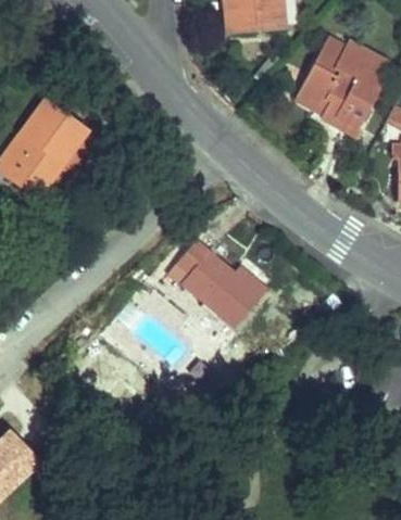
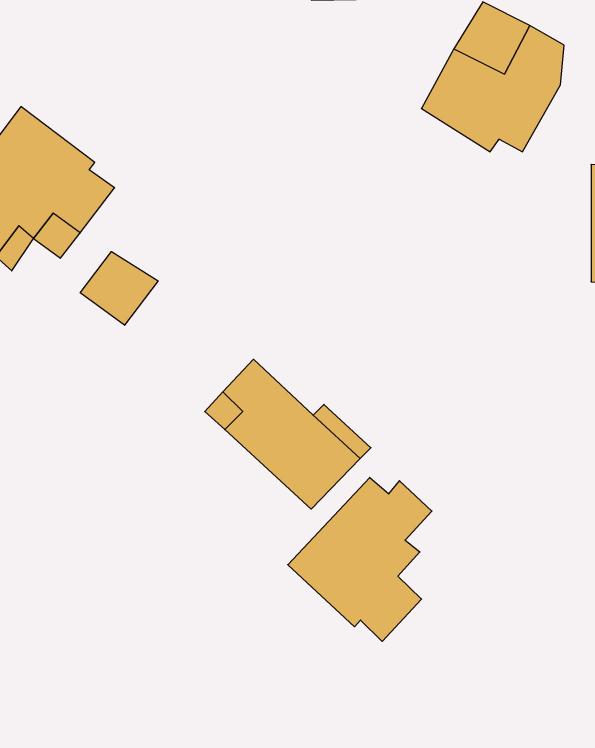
building: none -> [80,252,158,325]
building: none -> [288,477,432,641]

